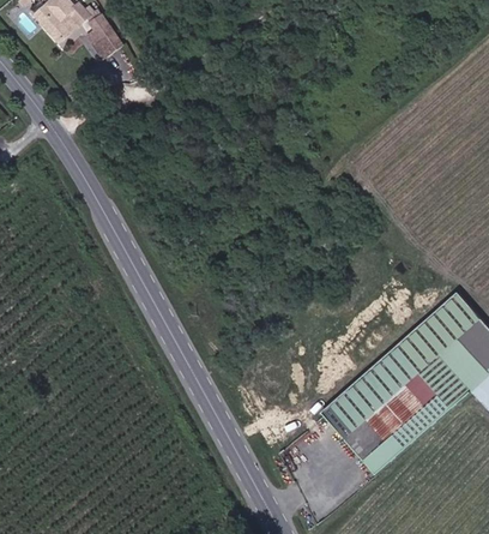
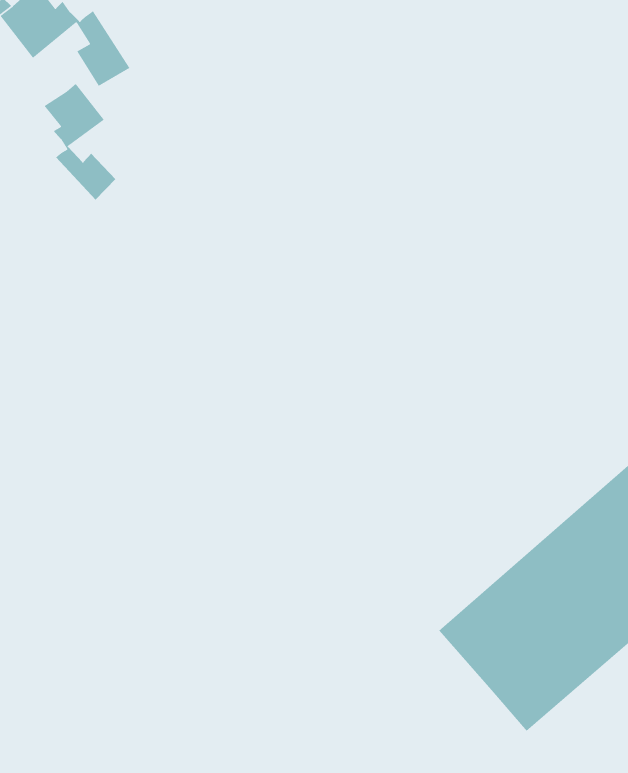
building: none -> [44,83,116,201]

